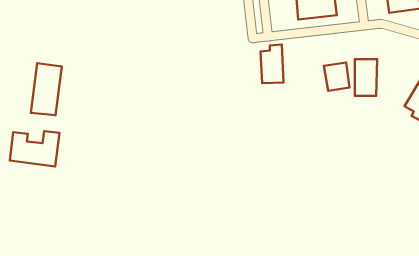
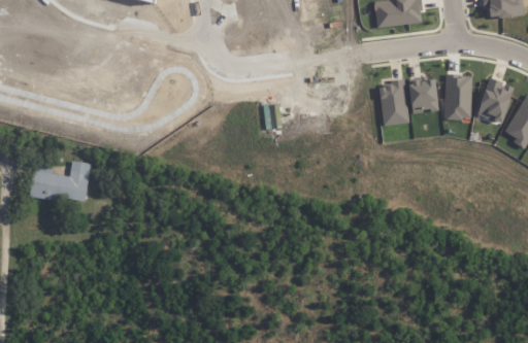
building: [260,45,284,83] -> [380,79,407,126]
building: none -> [476,79,514,124]
building: [31,63,62,115] -> none

